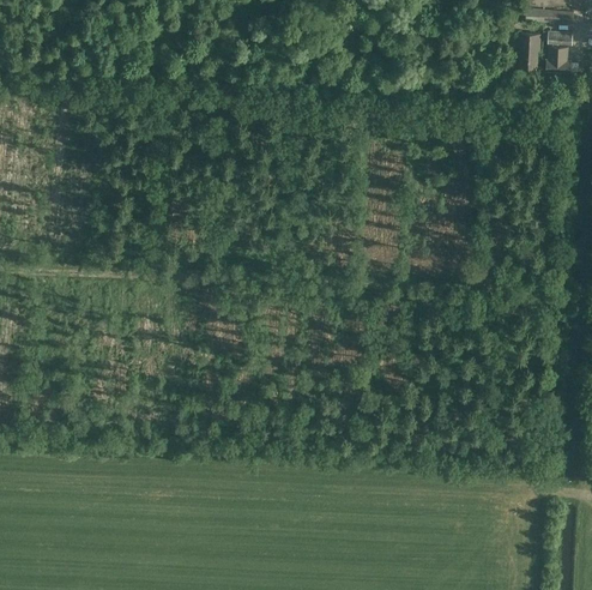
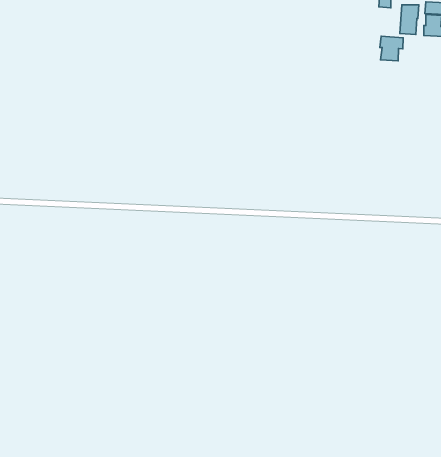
building: none -> [380,36,403,61]

